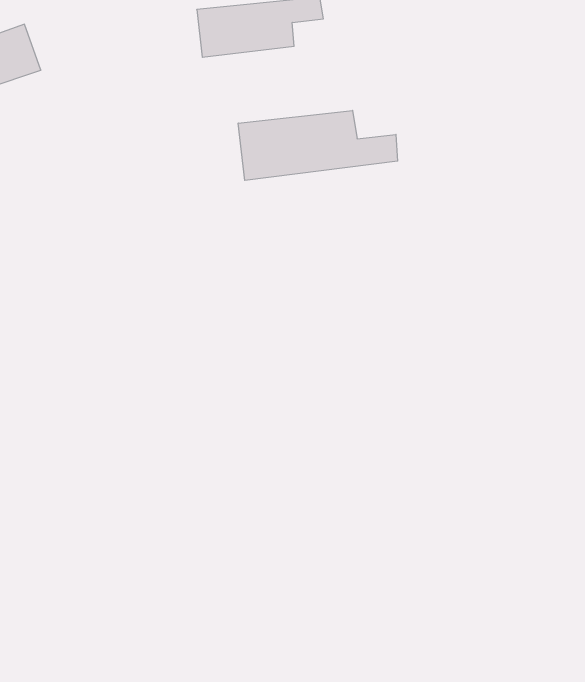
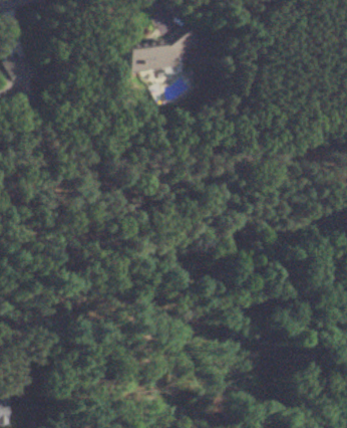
building: [238,110,398,180] -> none

